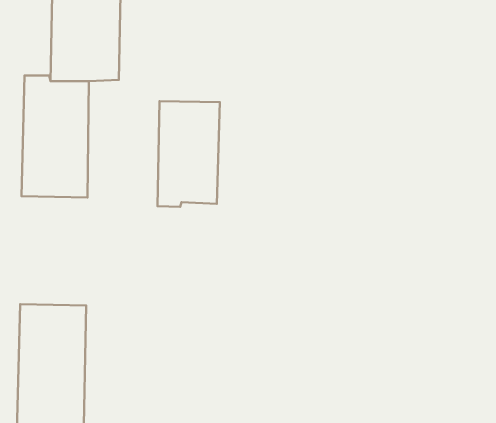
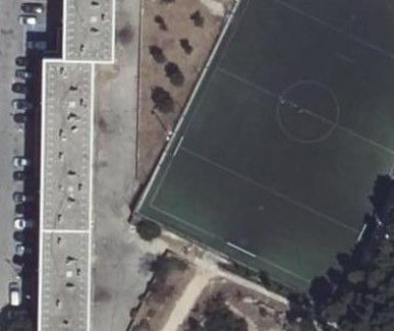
building: [157,101,220,207] -> none
building: none -> [40,147,90,228]

